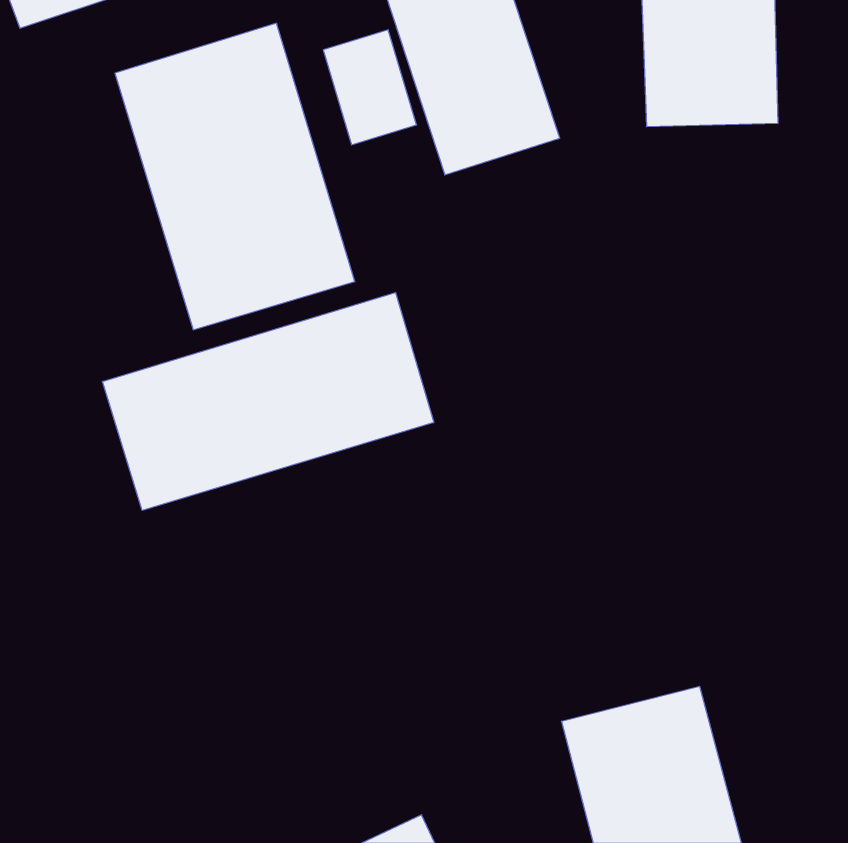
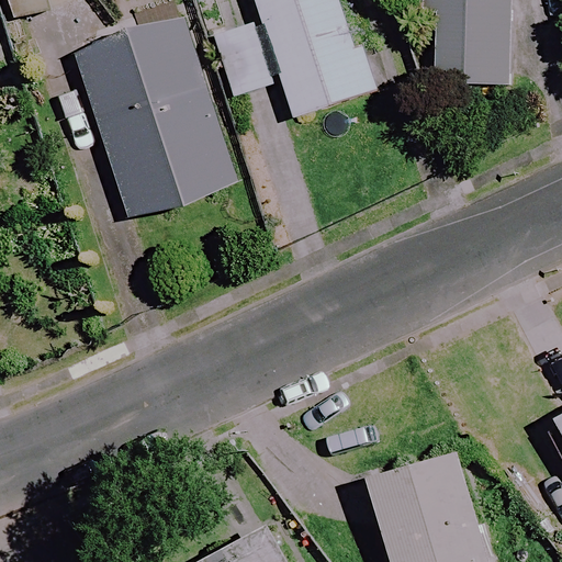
building: [102,293,434,510] -> none

